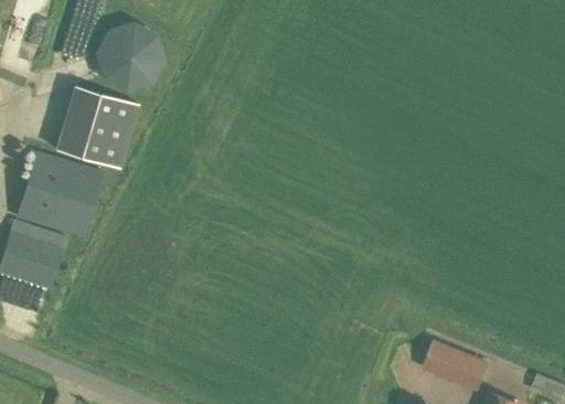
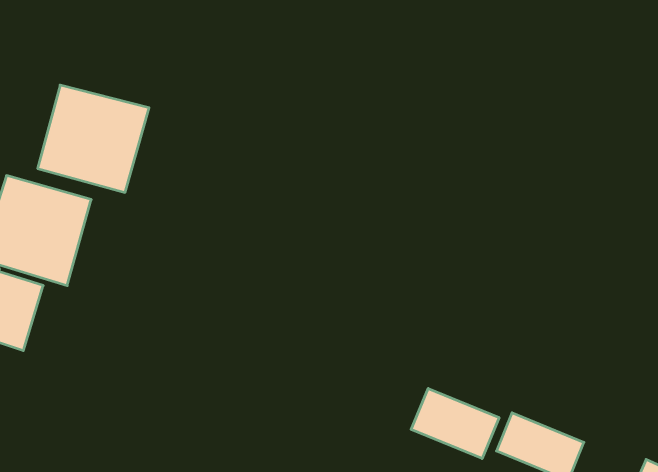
building: [94,23,164,94] -> none
building: none -> [411,388,499,459]

